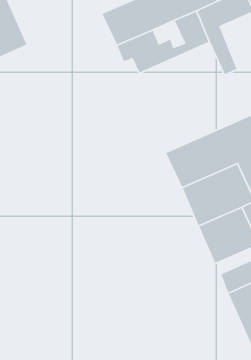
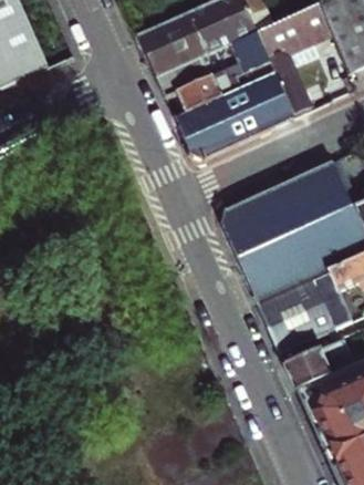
building: none -> [173,69,293,155]

